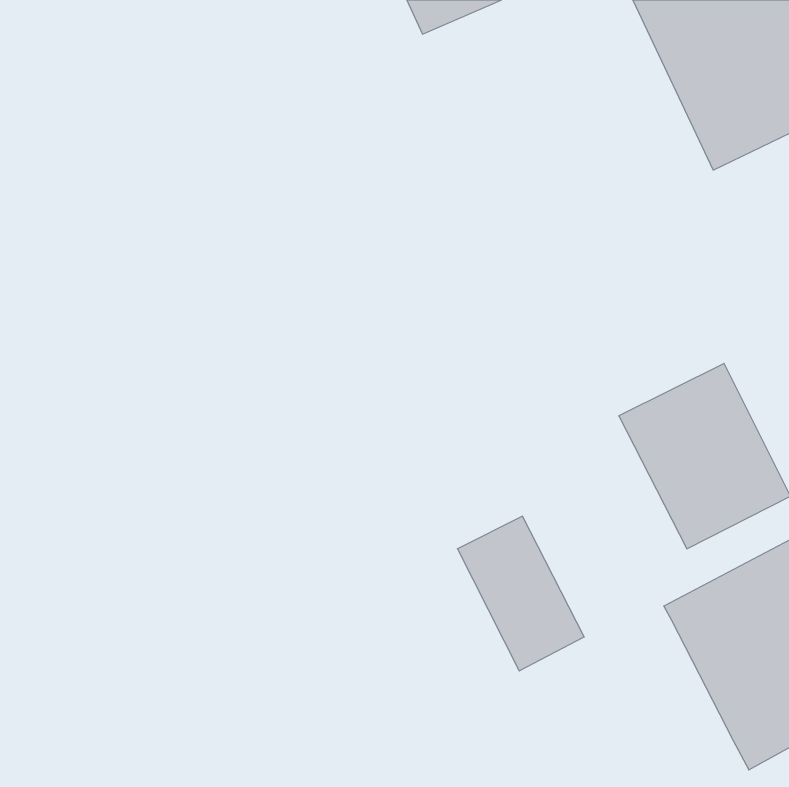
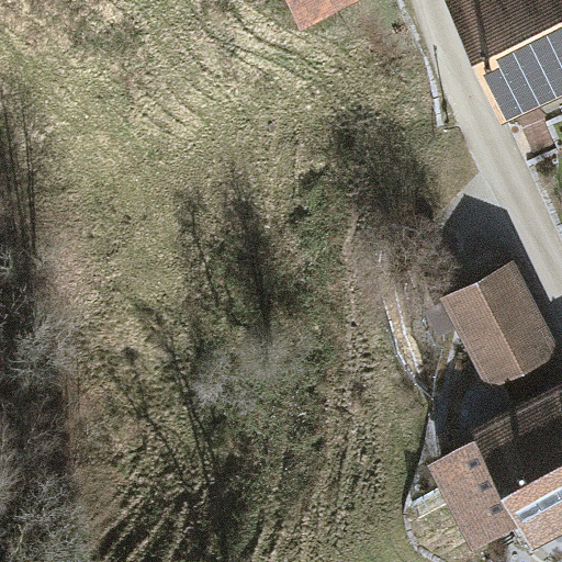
building: [457,516,584,671] -> [431,442,521,552]

